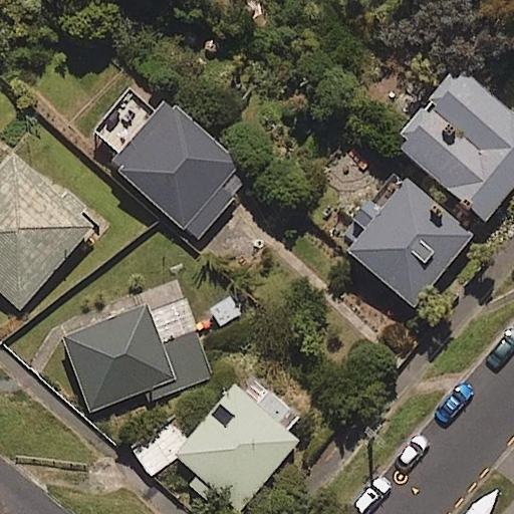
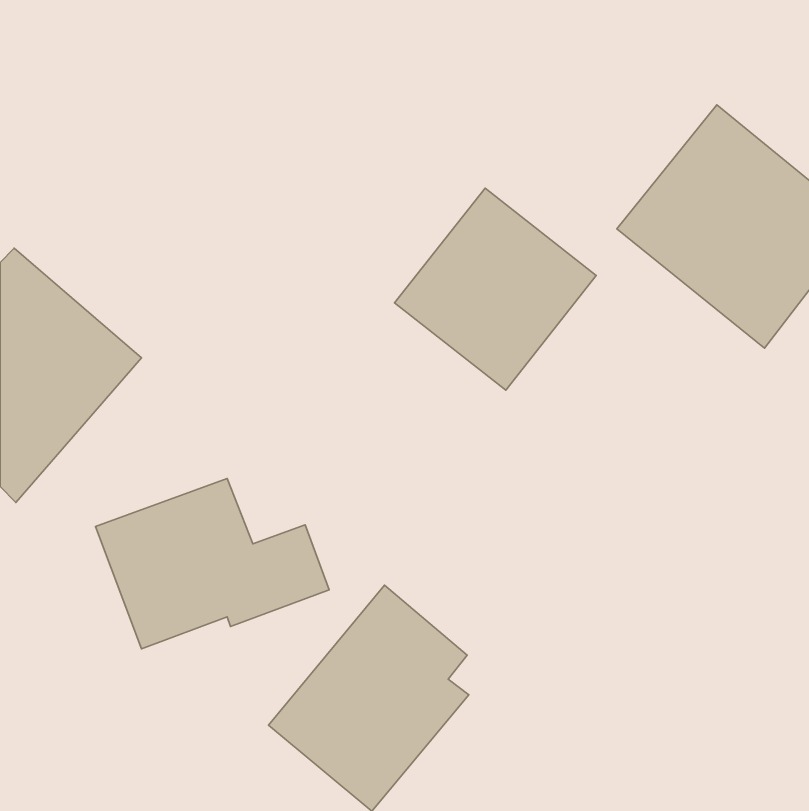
building: [110,101,252,240] -> none
building: [344,178,472,305] -> [394,188,596,390]

